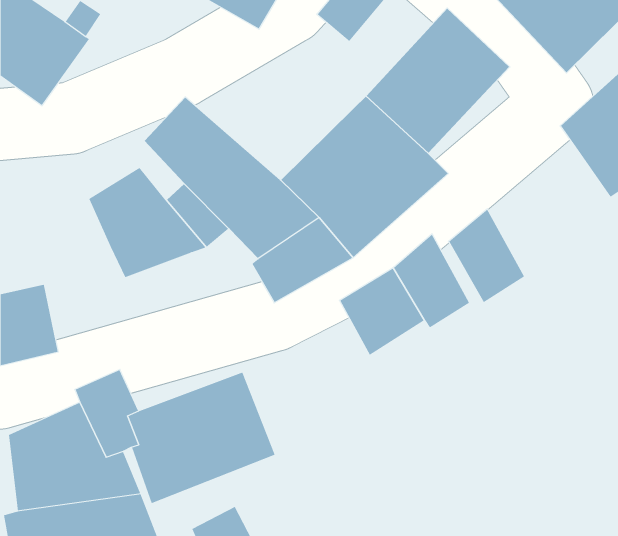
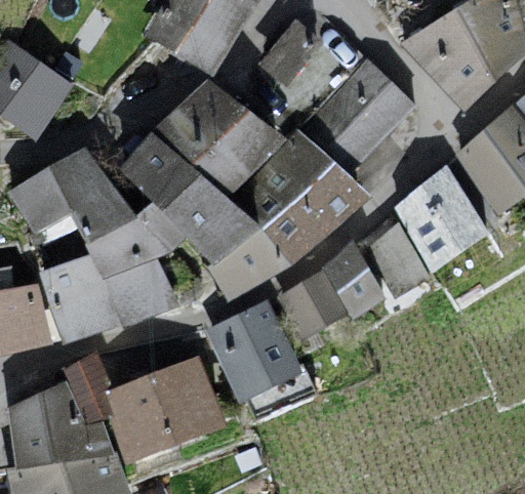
building: none -> [152,78,289,199]
building: none -> [8,147,115,238]
building: none -> [394,167,487,274]
building: none -> [38,253,177,338]
building: none -> [207,304,300,401]

